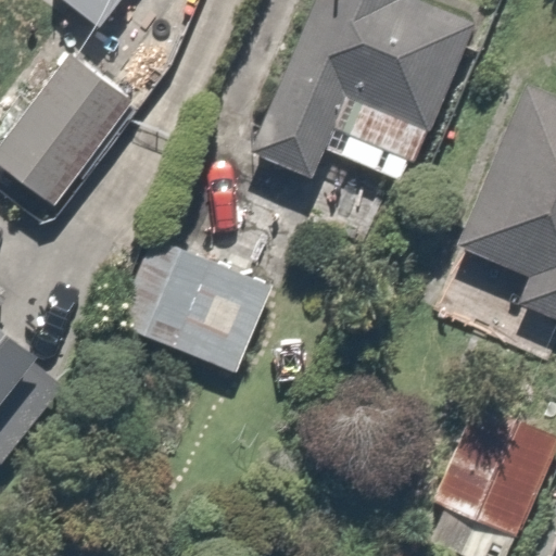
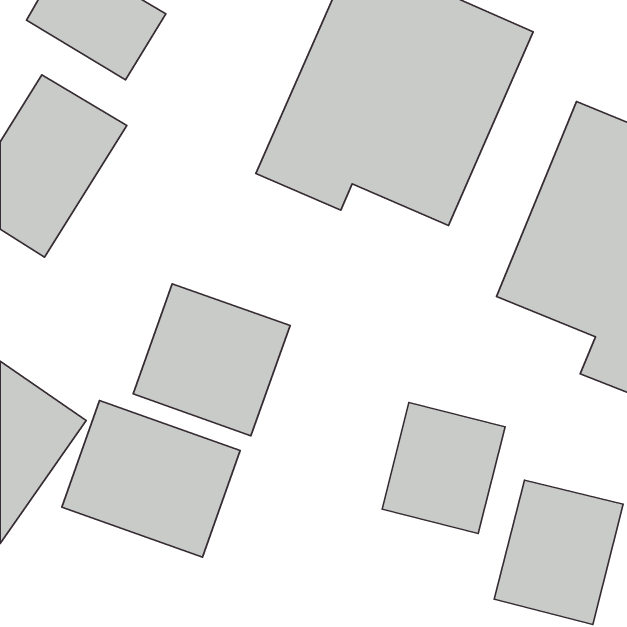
building: none -> [62,401,240,557]
building: none -> [382,402,505,534]

